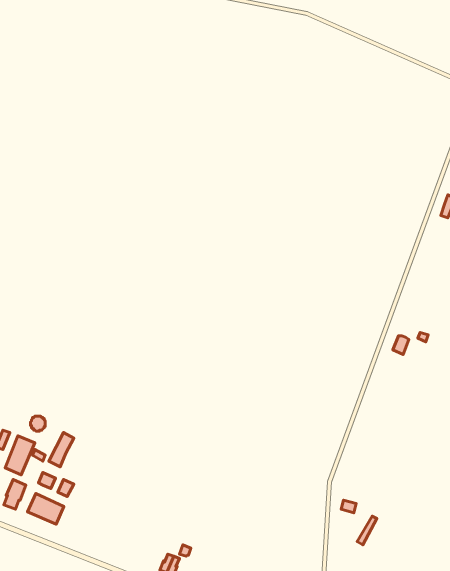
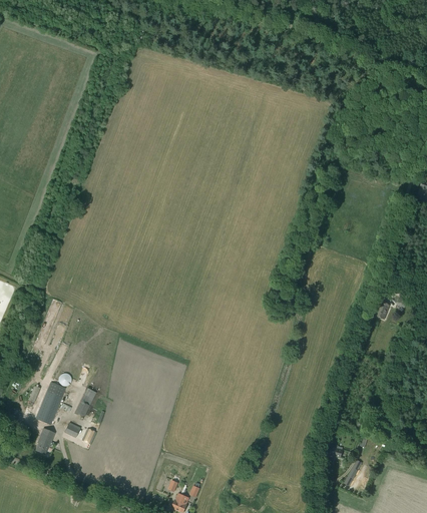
building: [27,493,64,524] -> none

